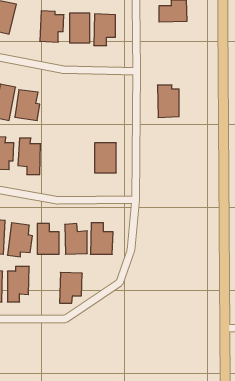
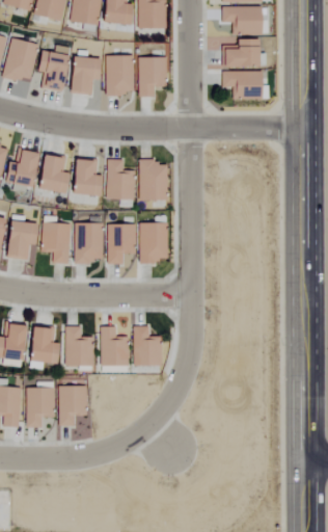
building: none -> [36,44,70,90]
building: none -> [222,70,261,99]
building: [157,85,179,117] -> [139,159,167,201]
building: none -> [71,158,101,195]
building: none -> [106,159,135,200]
building: none -> [74,222,103,264]
building: none -> [107,223,135,264]
building: [60,272,82,303] -> [58,385,87,425]

